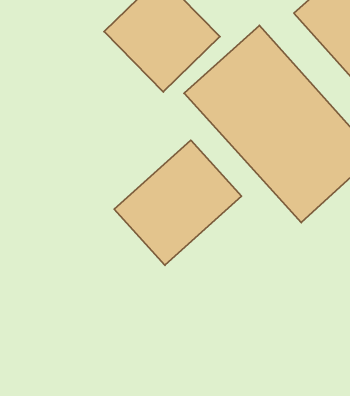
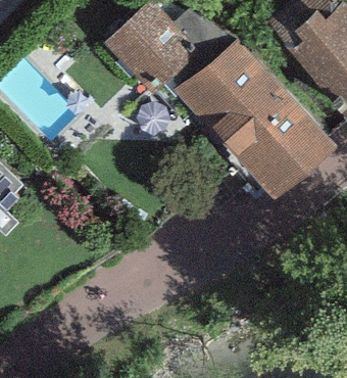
building: [114,140,241,265] -> none

